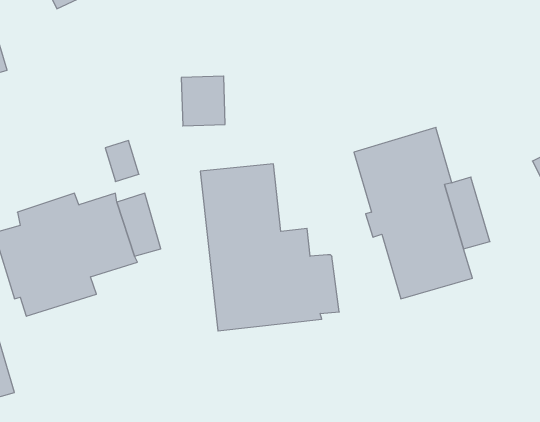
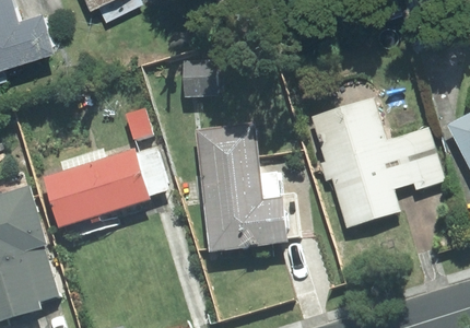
building: none -> [399,128,444,189]

